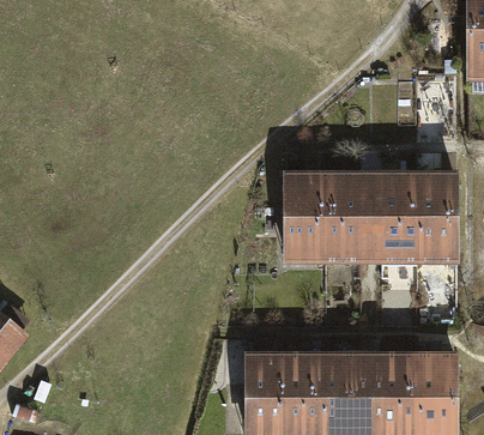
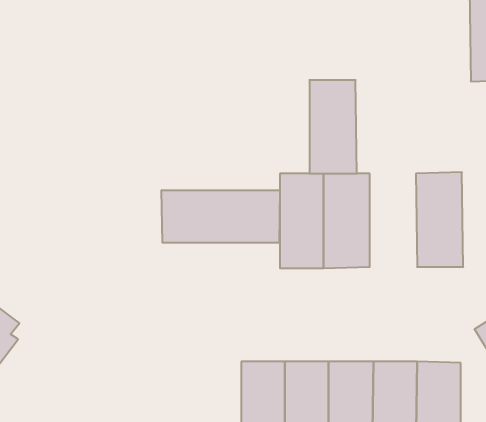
building: [369,174,415,264] -> [309,80,357,174]
building: none -> [162,190,280,243]

